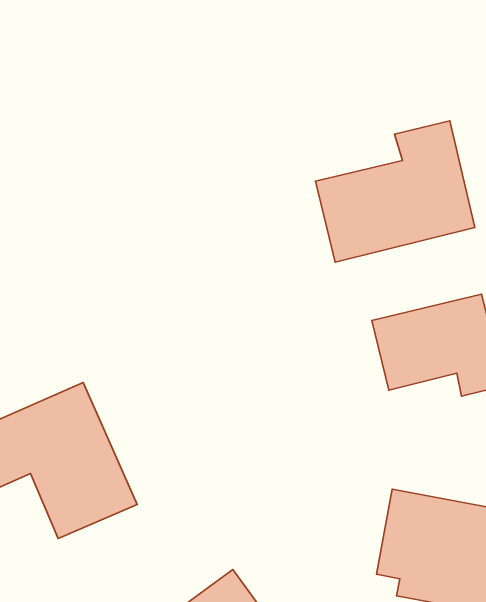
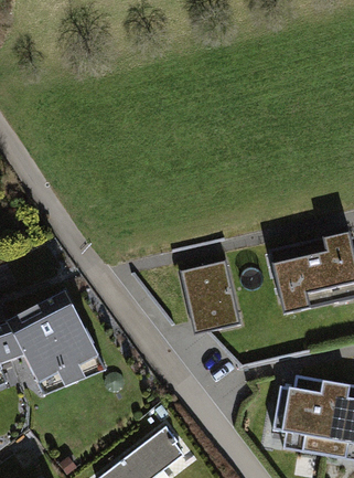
building: [316,121,475,262] -> none
building: none -> [183,263,242,333]

